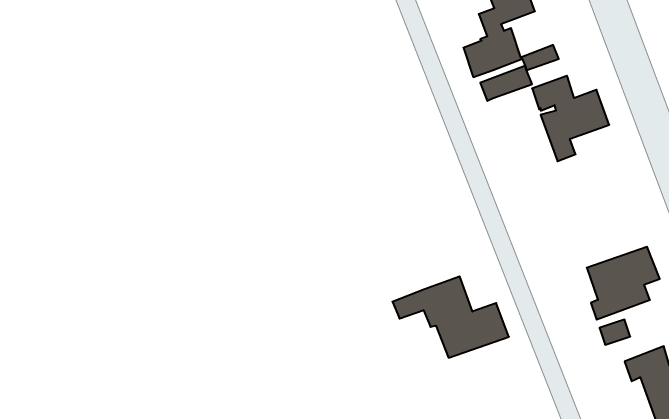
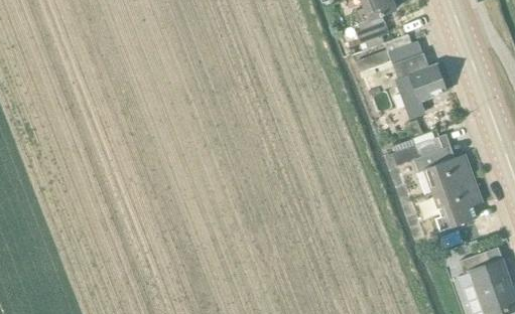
building: [392,276,509,358] -> [392,135,476,193]

